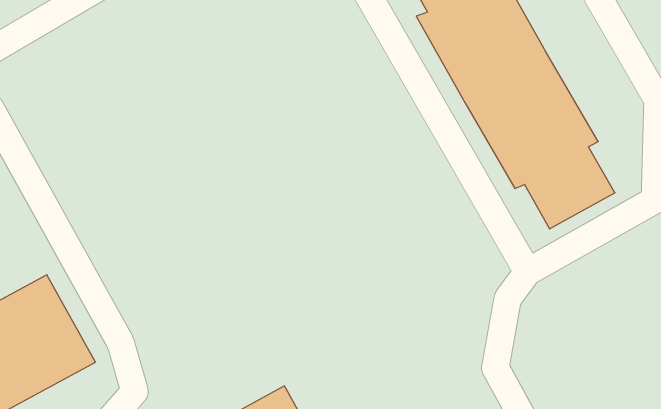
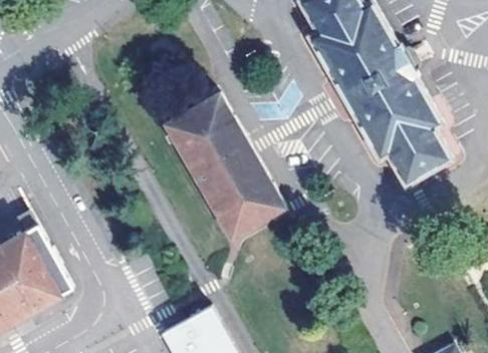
building: none -> [162,92,290,243]

